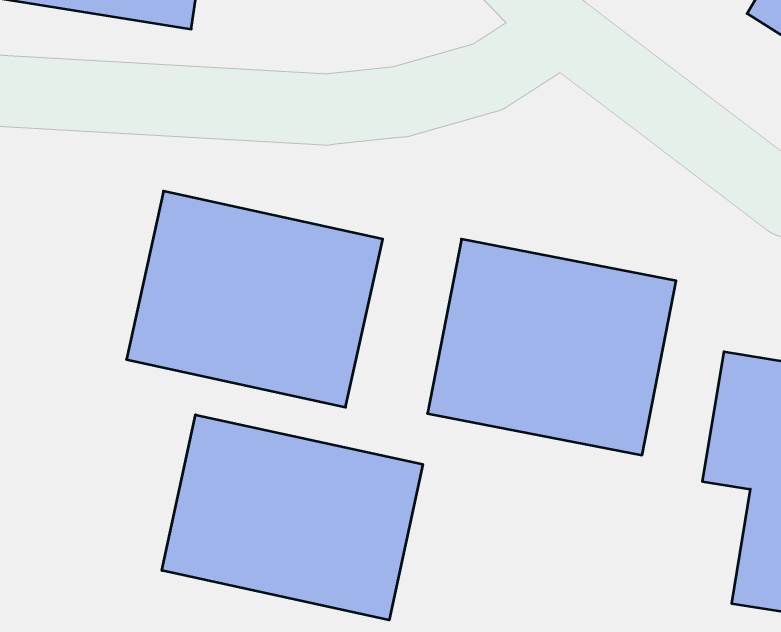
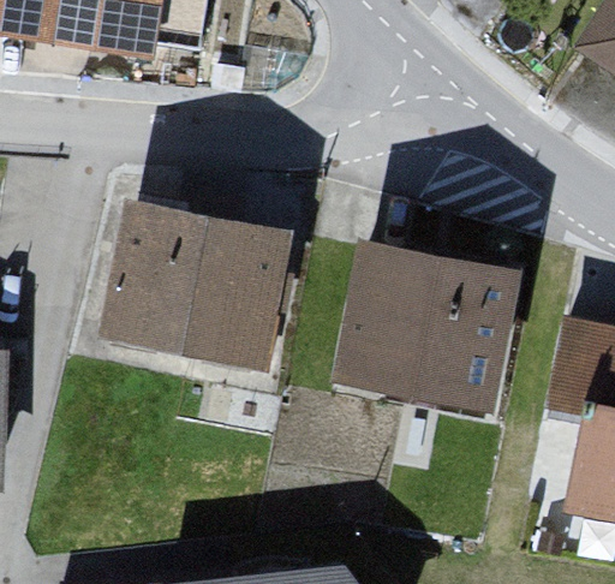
building: [162,415,423,620] -> none

